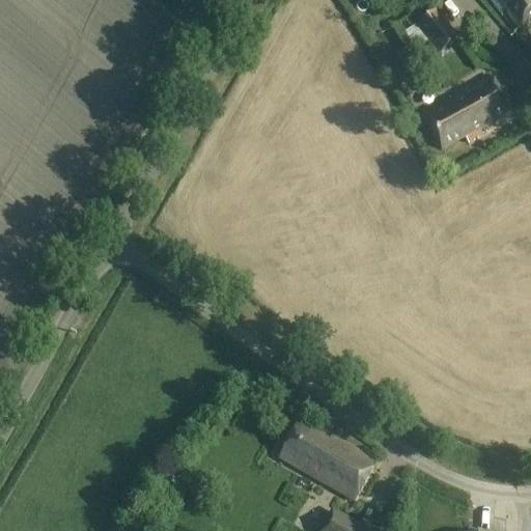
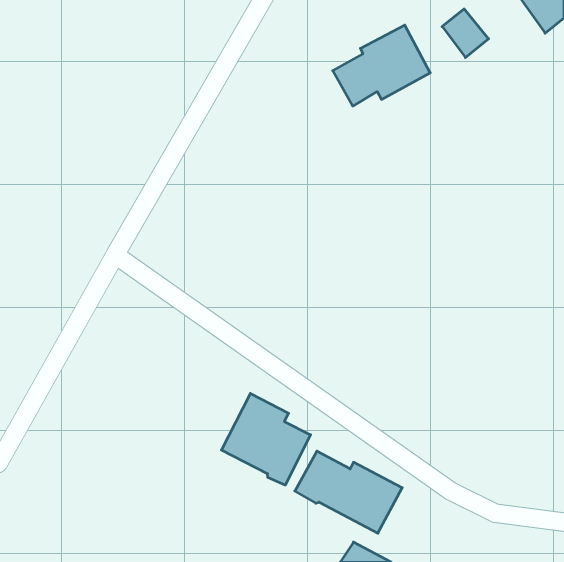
building: [422,72,513,147] -> [333,25,430,106]
building: none -> [221,393,311,485]

